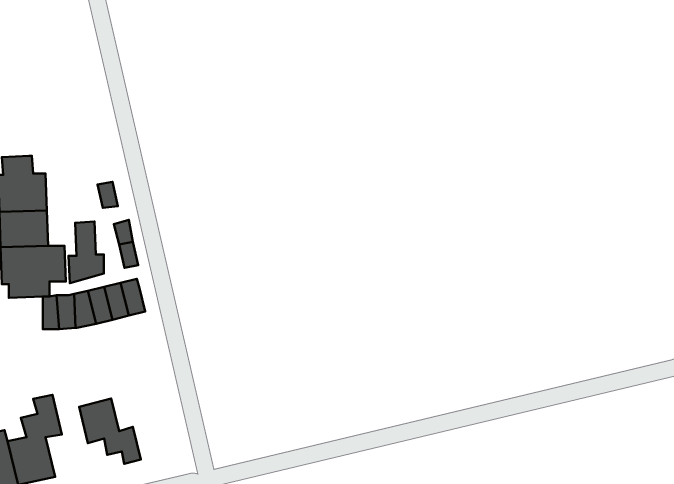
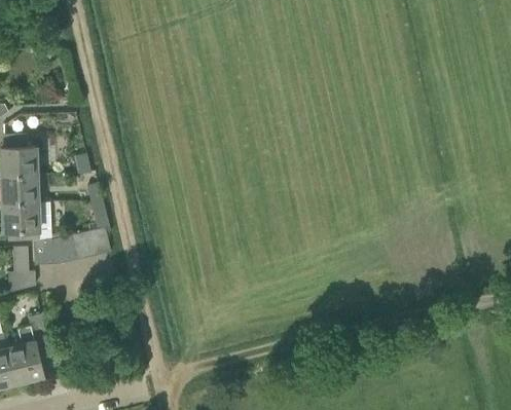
building: [68,222,104,283] -> [8,247,35,293]
building: [79,398,141,464] -> none

